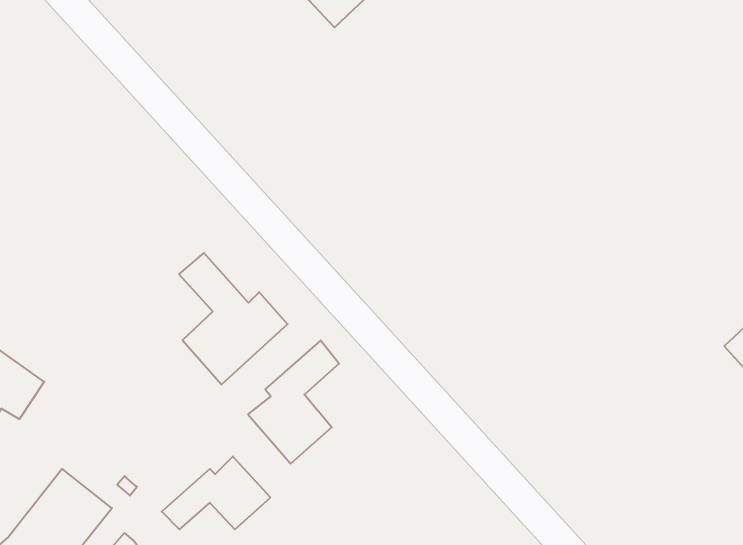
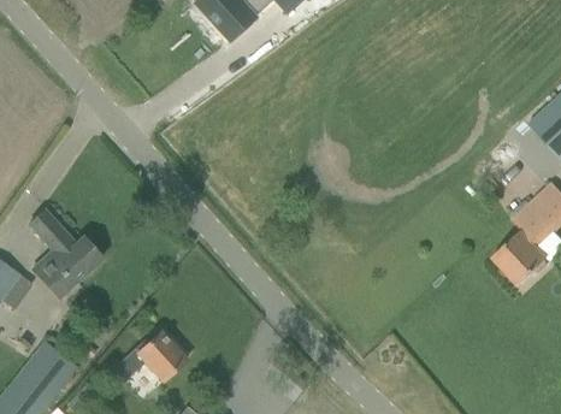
building: [179,253,288,385] -> [28,209,101,298]
building: [248,340,339,464] -> none

